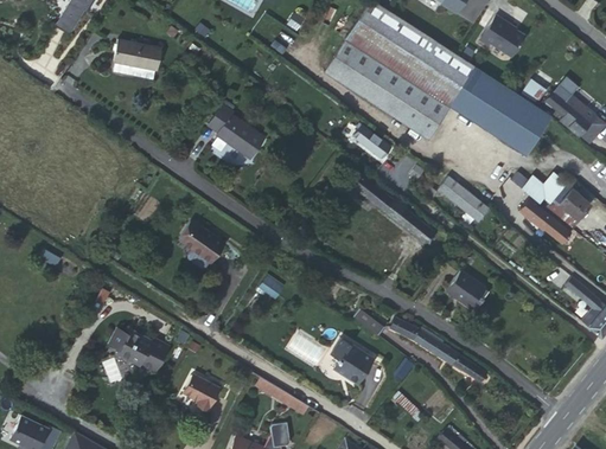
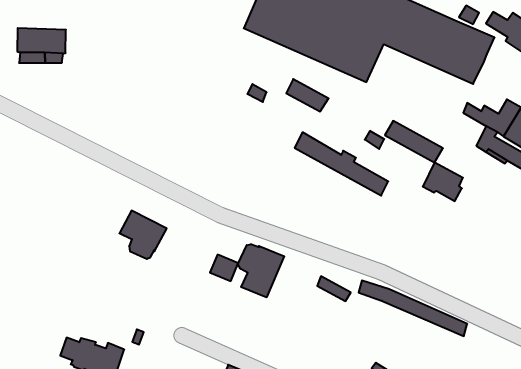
building: [210,105,264,159] -> none
building: none -> [238,244,284,297]
building: [447,271,485,309] -> [423,163,463,201]
building: [332,339,375,384] -> none

